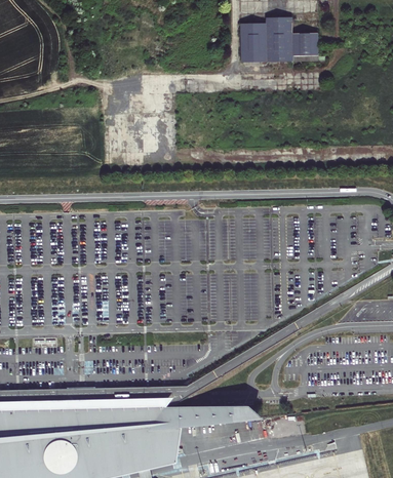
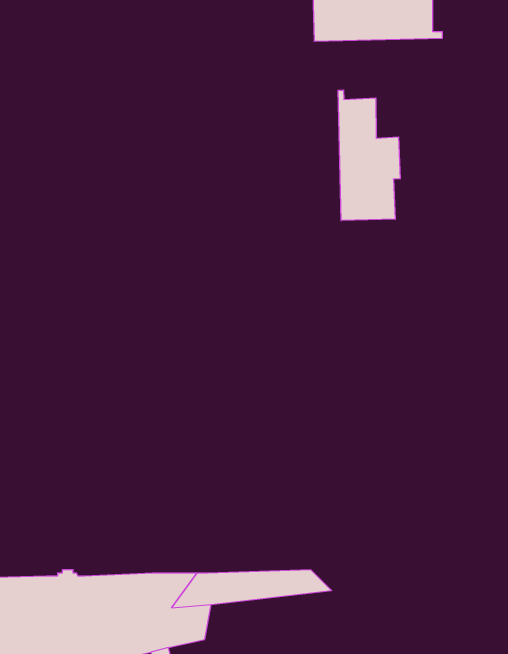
building: none -> [338,90,400,221]

